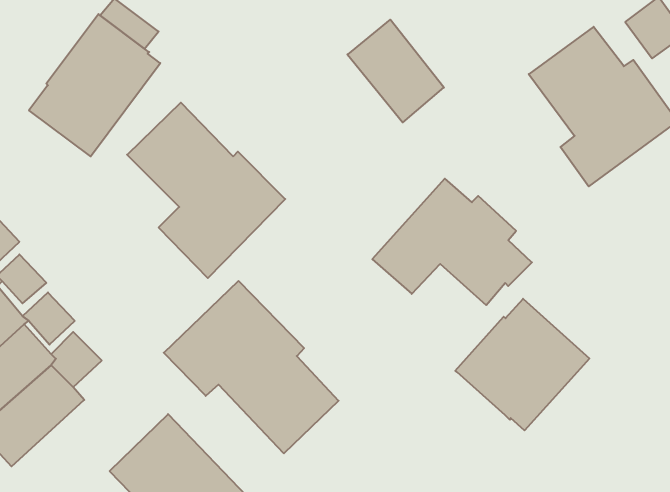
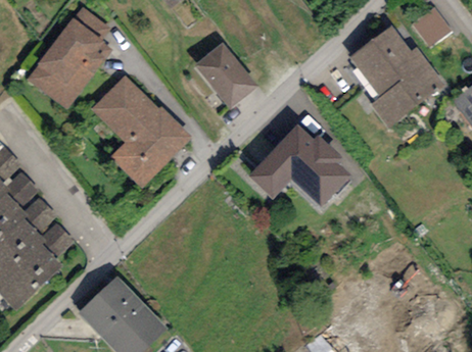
building: [347,20,444,122] -> [194,42,256,108]
building: [164,281,339,453] -> none
building: [455,299,589,430] -> none

